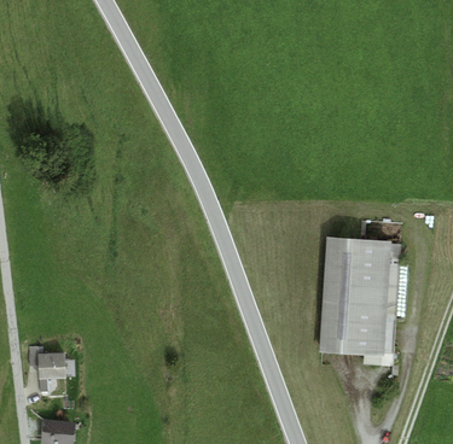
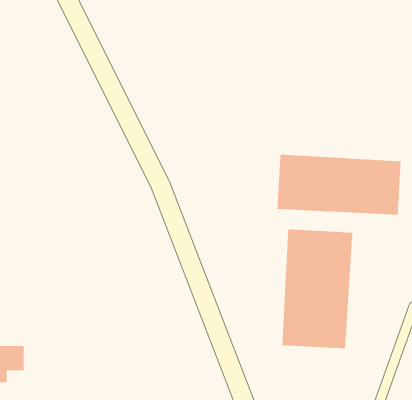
building: none -> [277,154,401,216]

